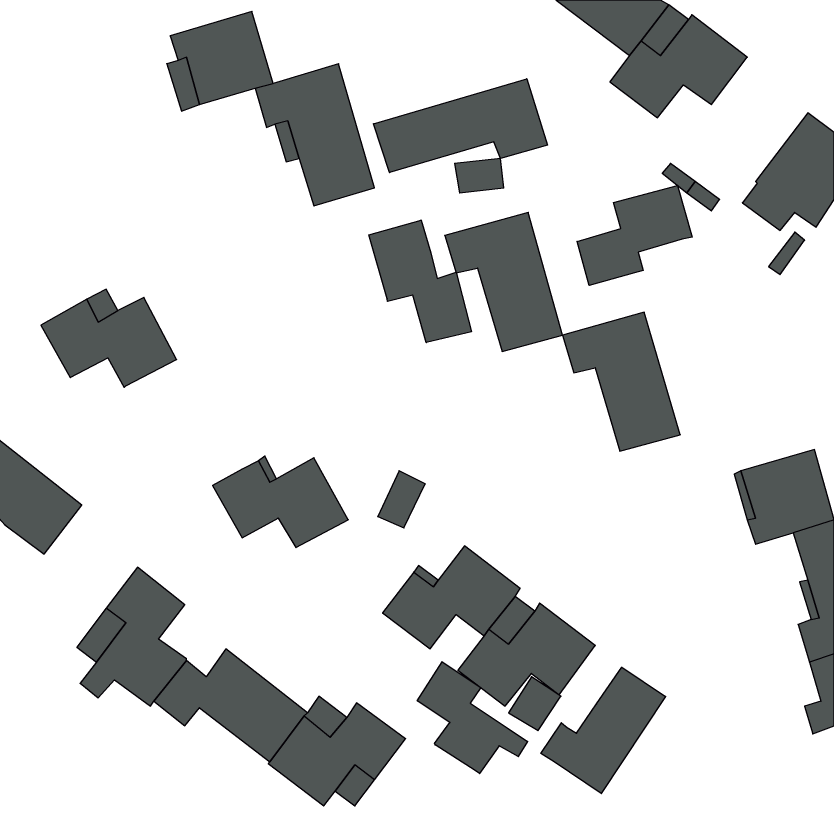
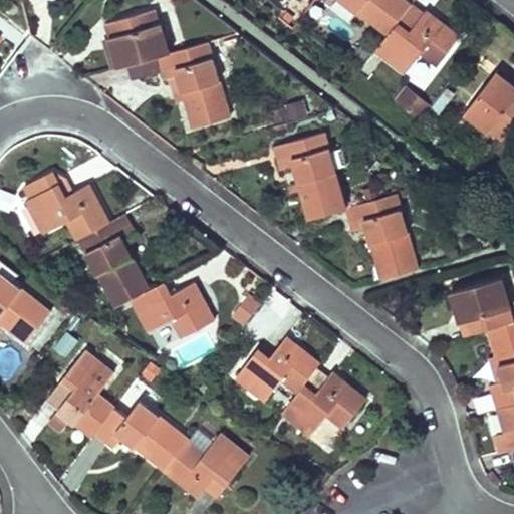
building: [373,79,548,173] -> none
building: [577,185,692,285] -> none
building: [369,220,471,343] -> none
building: none -> [77,214,149,308]
building: [417,662,528,774] -> none
building: [541,667,666,794] -> none

